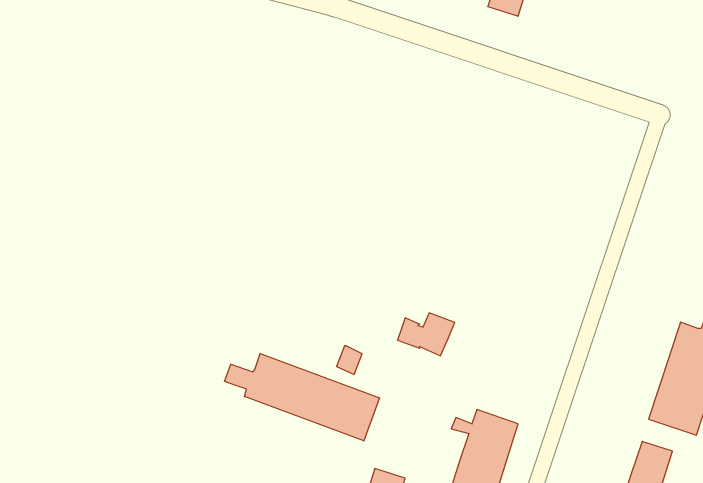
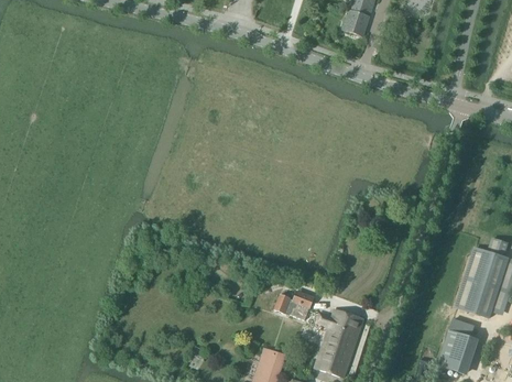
building: [397,313,455,356] -> [275,290,315,319]
building: [224,353,380,441] -> none

